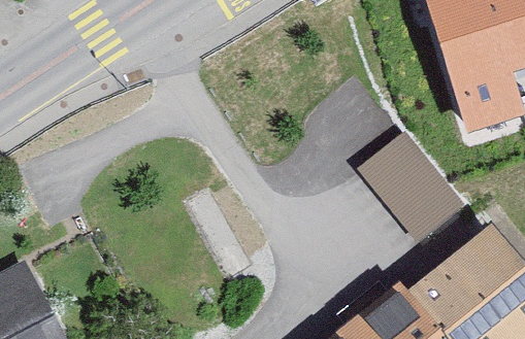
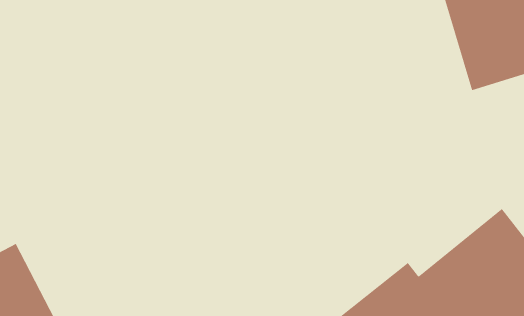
building: [357,134,460,241] -> none

